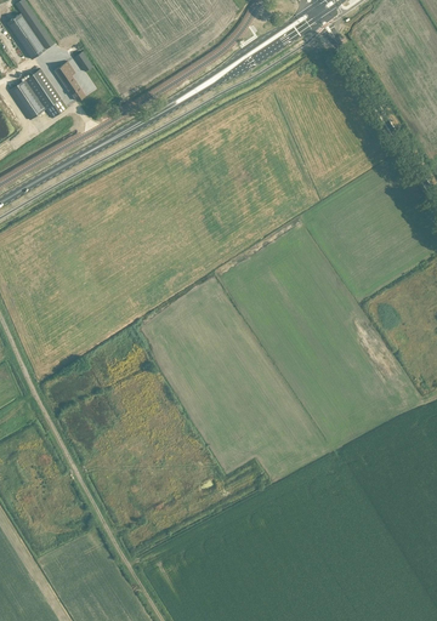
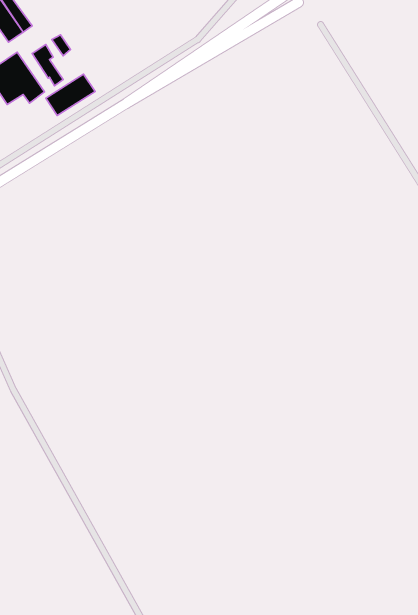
building: none -> [46,74,95,116]

